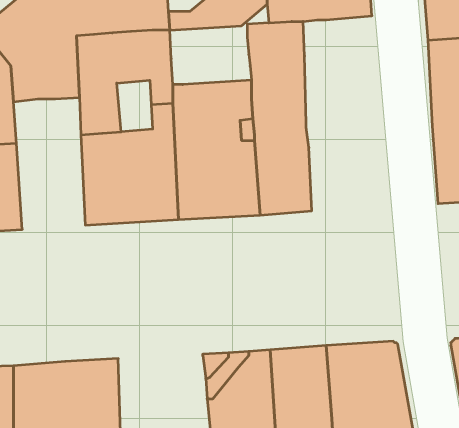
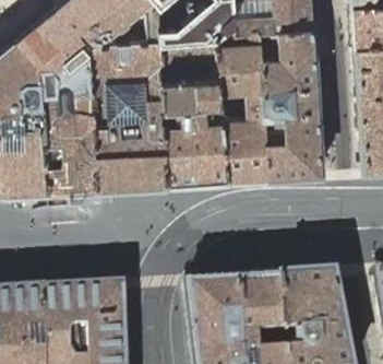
building: none -> [262,26,323,175]
building: none -> [160,33,220,79]
building: none -> [41,89,96,189]

